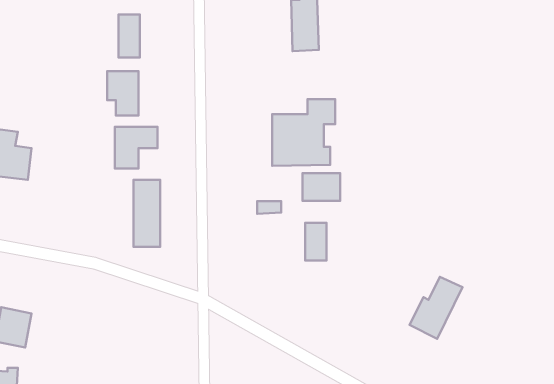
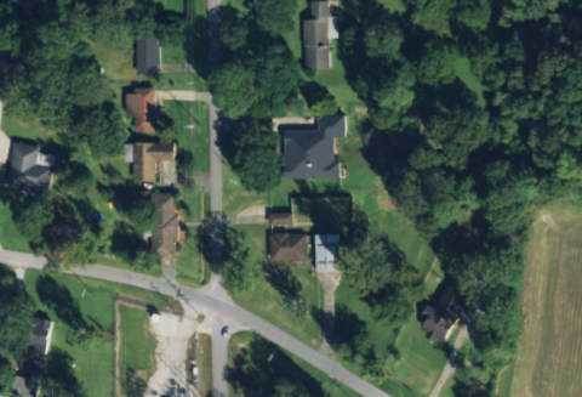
building: [302,173,340,201] -> [270,233,307,260]

